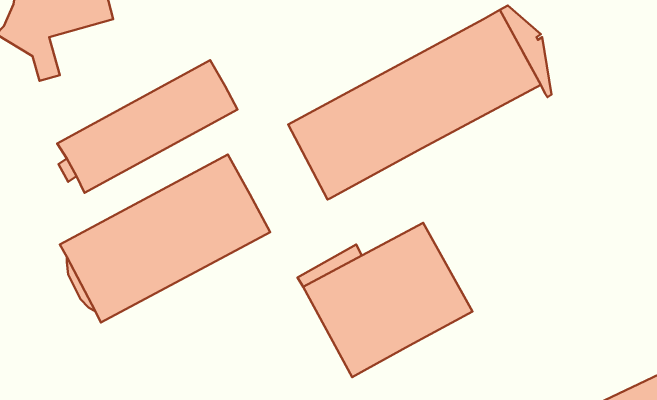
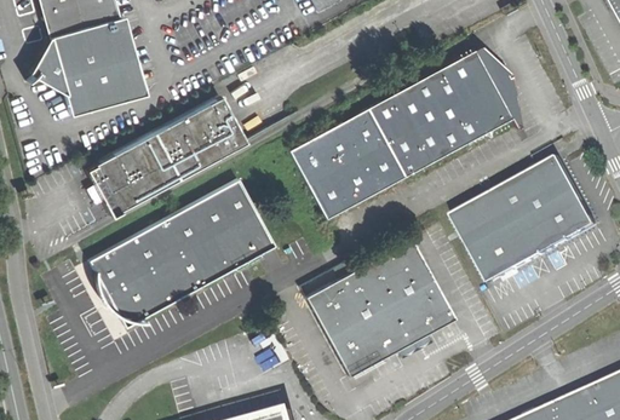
building: none -> [78,59,144,109]
building: none -> [452,155,595,281]

